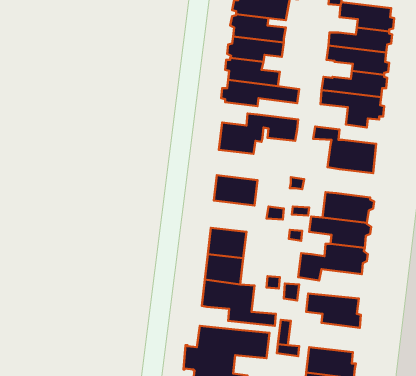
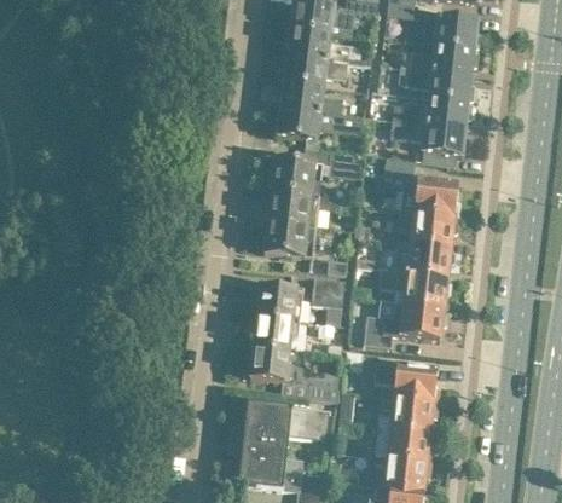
building: none -> [268,190,360,226]
building: none -> [399,210,458,247]
building: none -> [312,276,347,325]
building: none -> [378,397,439,432]

